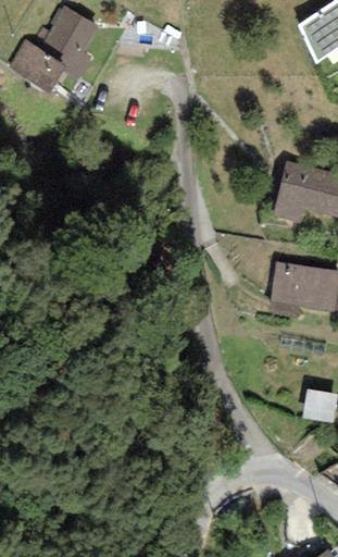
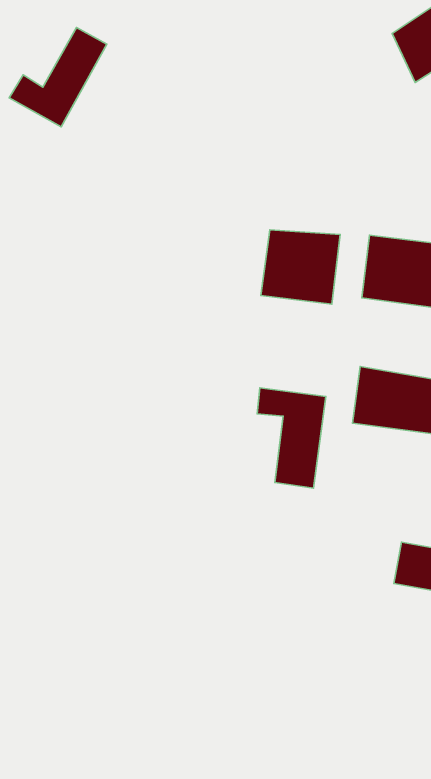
building: none -> [261,230,340,304]
building: none -> [257,388,326,488]

